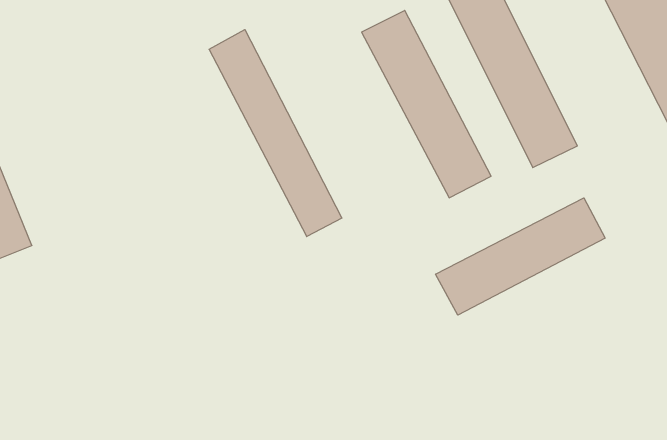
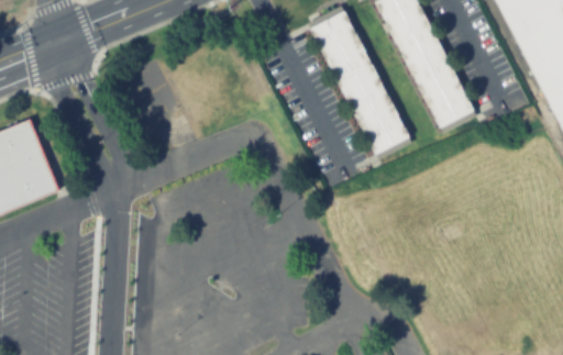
building: [209,30,342,237] -> none
building: [436,198,605,315] -> none

